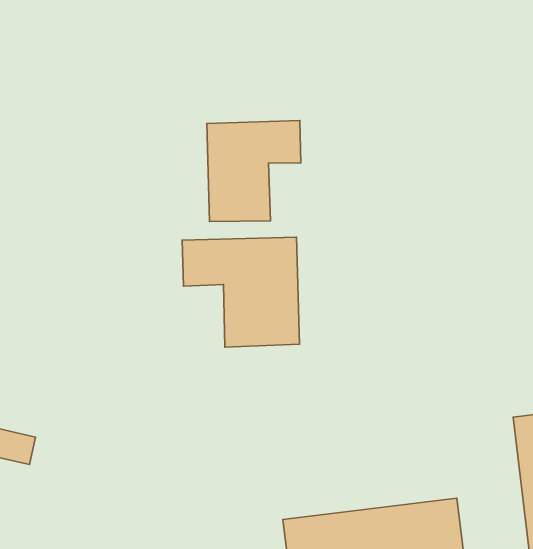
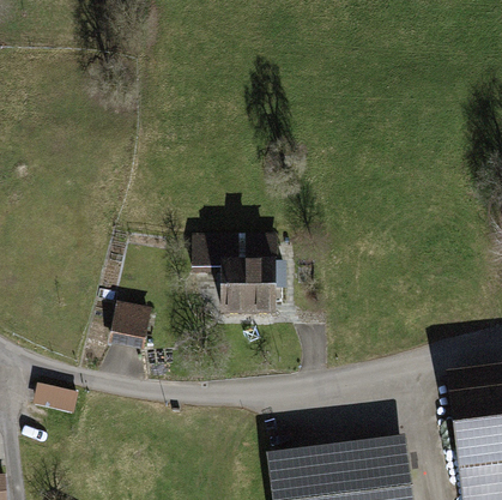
building: [207,121,301,222] -> none
building: none -> [109,303,149,341]

